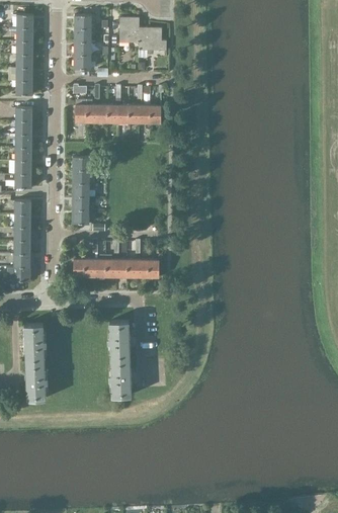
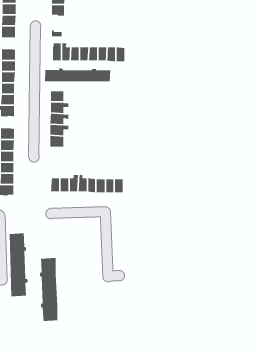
building: none -> [44,67,111,82]
building: [108,321,131,397] -> [39,257,58,322]

